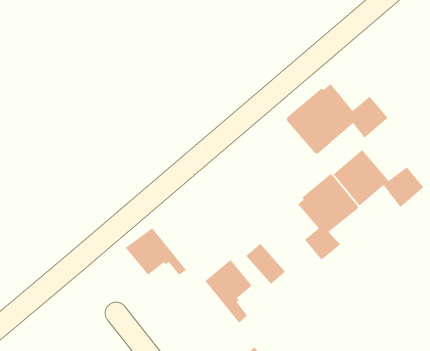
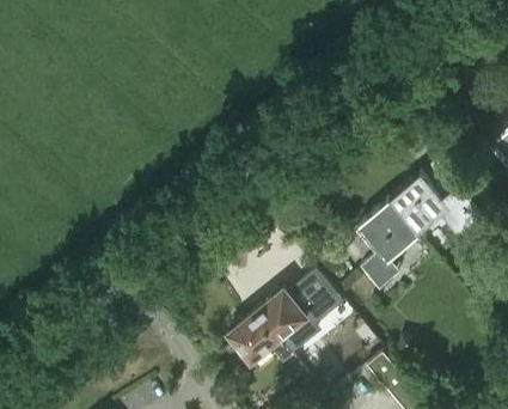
building: [286,83,388,155] -> none
building: [125,227,187,275] -> [227,315,292,365]

